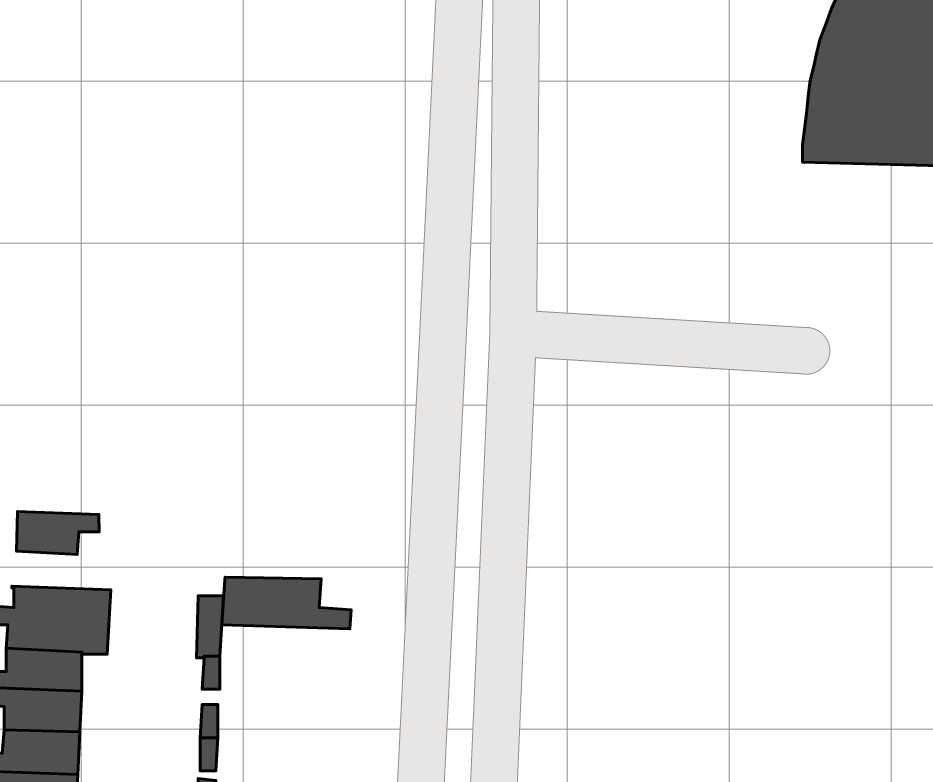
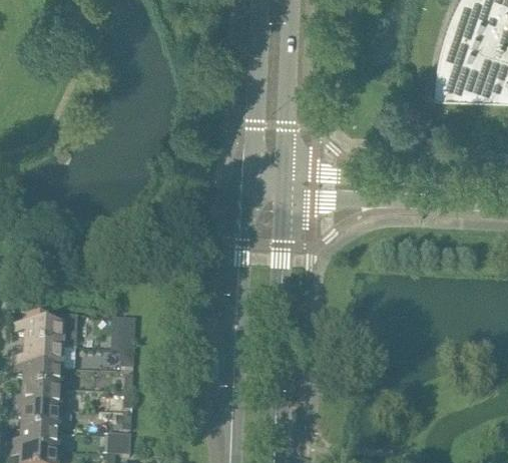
building: [16,511,99,555] -> none
building: [222,577,351,629] -> none

